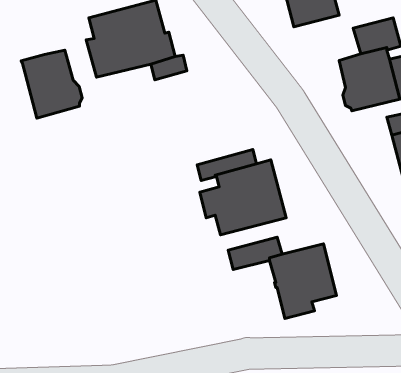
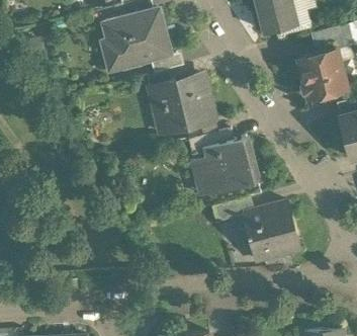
building: [21,50,82,118] -> none
building: none -> [148,78,213,133]

